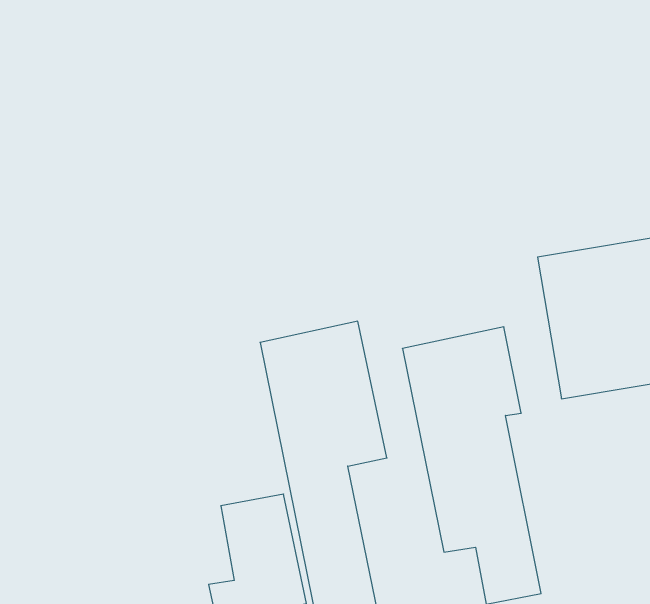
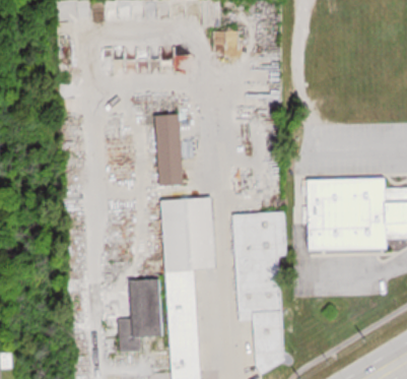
building: none -> [155,114,183,187]

